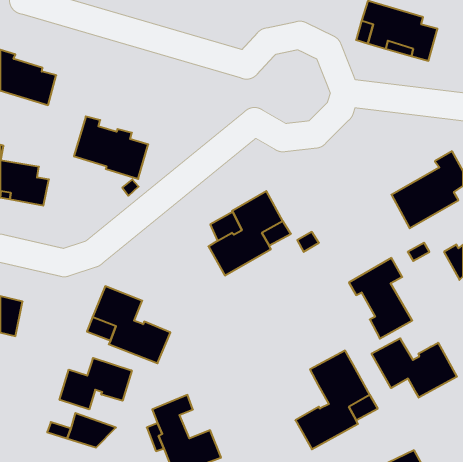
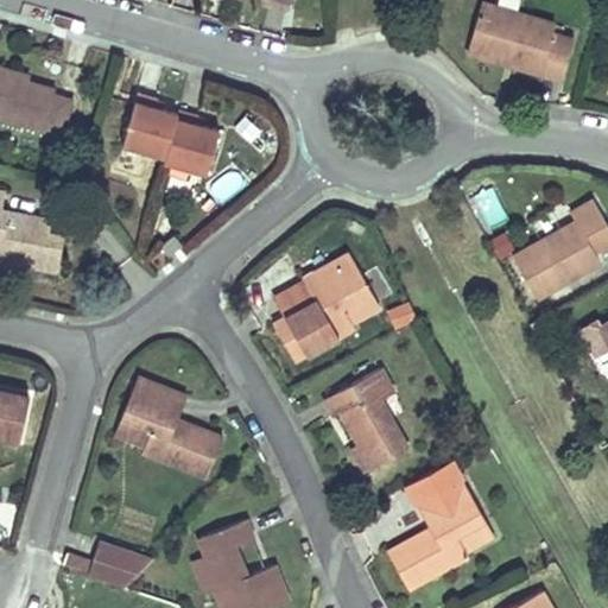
building: [74,116,148,179] -> [122,93,220,175]
building: [349,258,412,339] -> [324,367,407,473]
building: [372,338,457,398] -> none
building: [60,358,132,409] -> none

